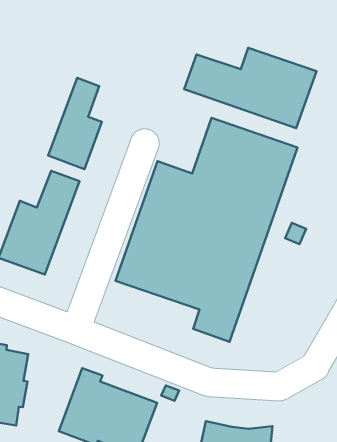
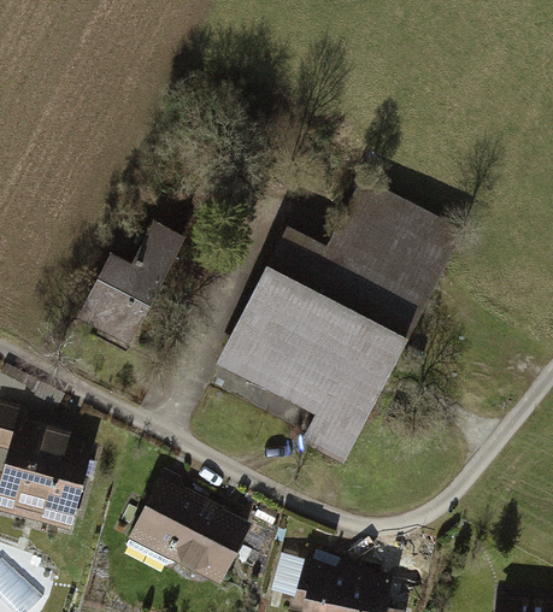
building: [184,48,317,128] -> none
building: [48,78,102,169] -> none

